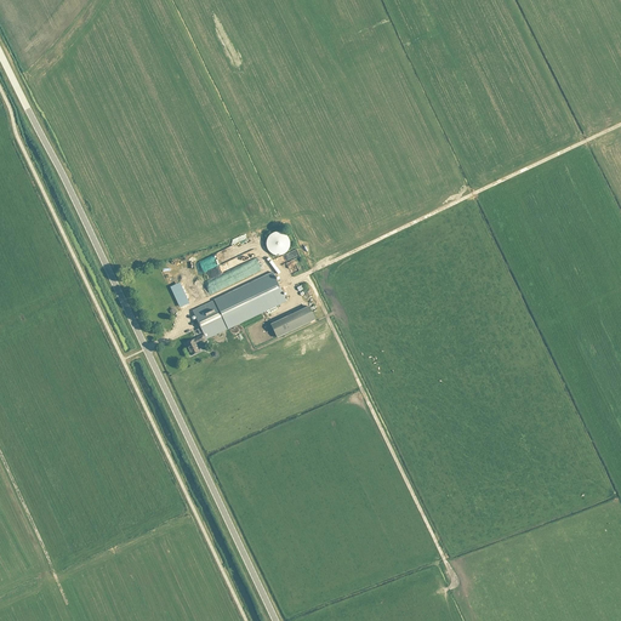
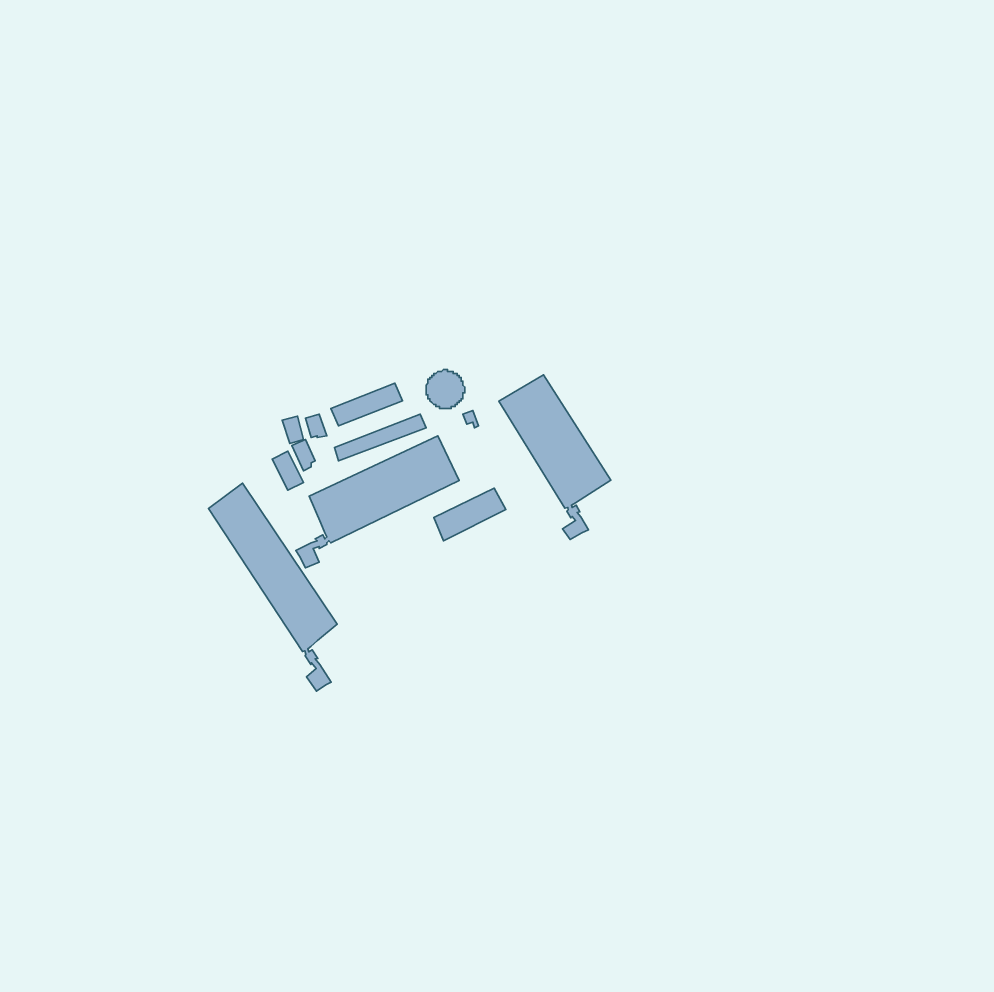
building: none -> [499,375,611,540]
building: none -> [208,483,337,691]

